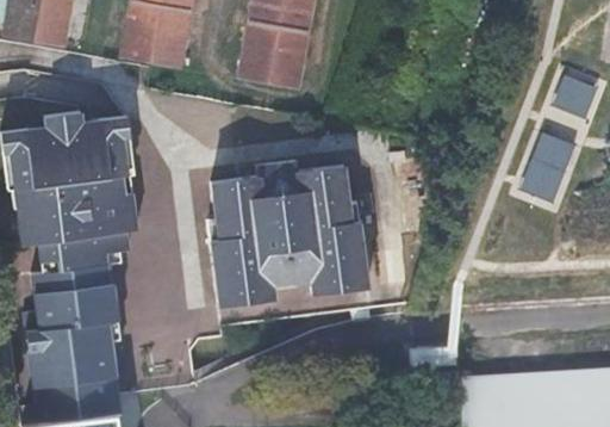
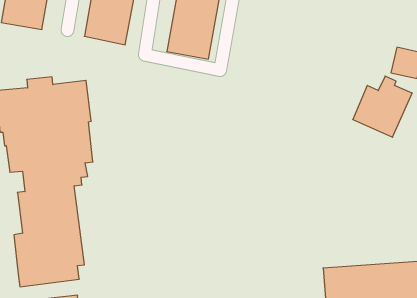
building: [203,161,366,305] -> none

